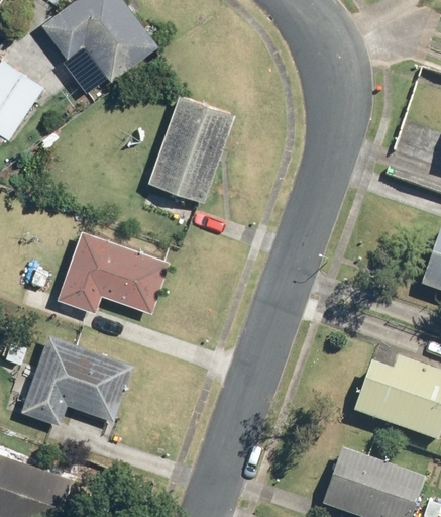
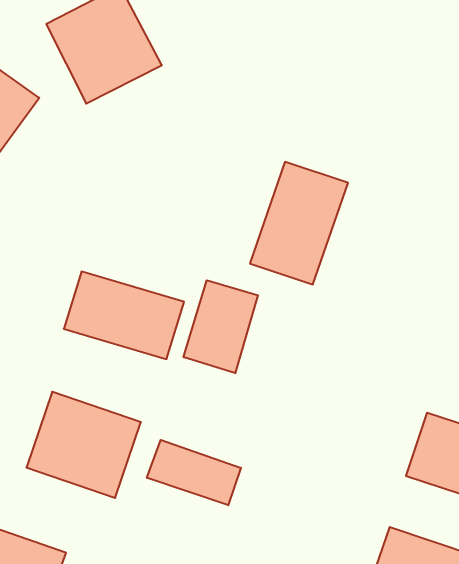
building: [148,95,233,201] -> [250,162,348,284]
building: none -> [184,280,258,373]
building: none -> [147,440,241,505]

